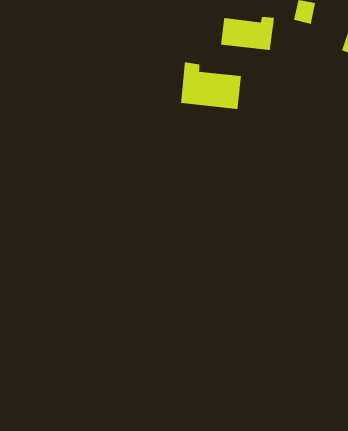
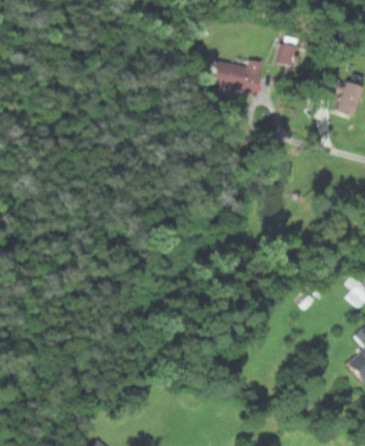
building: [181,62,241,110] -> none

